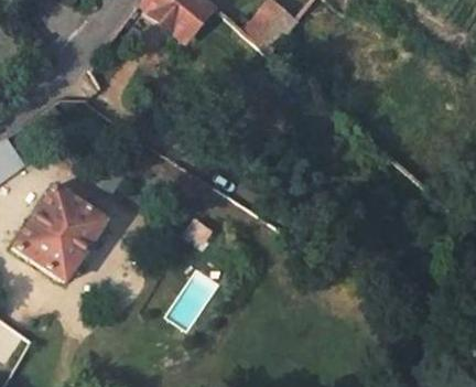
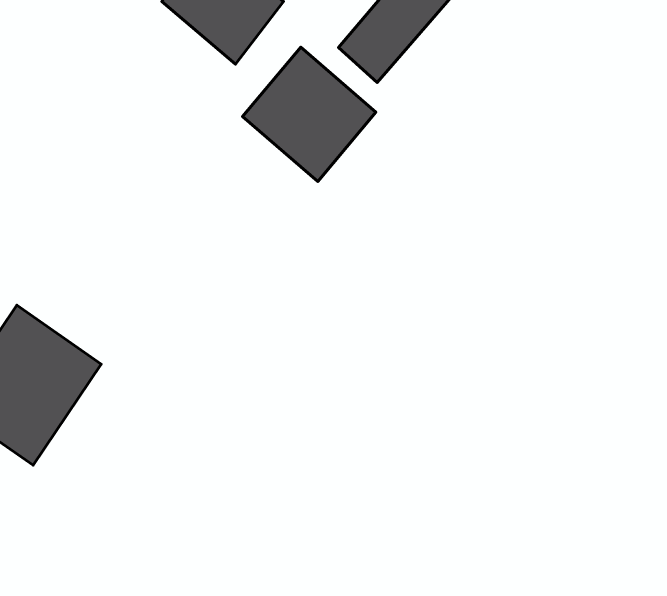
building: none -> [243,47,376,182]

